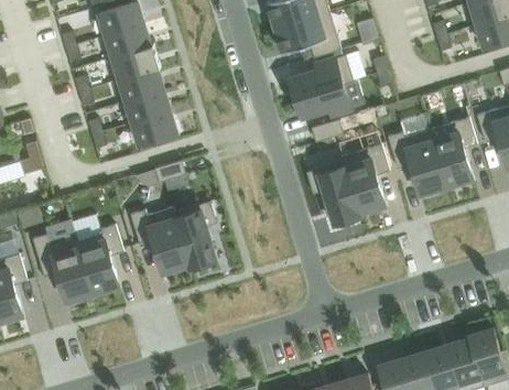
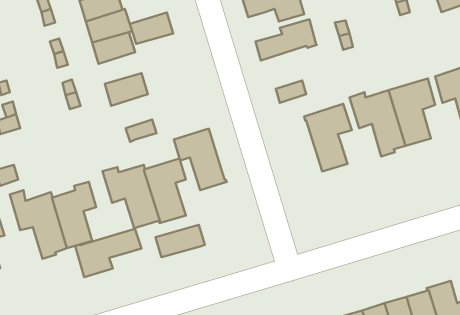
building: [294,84,349,118] -> none
building: [124,90,170,123] -> [130,12,173,44]
building: [305,162,360,226] -> [174,129,227,190]
building: none -> [156,225,205,257]
building: none -> [75,229,141,277]

